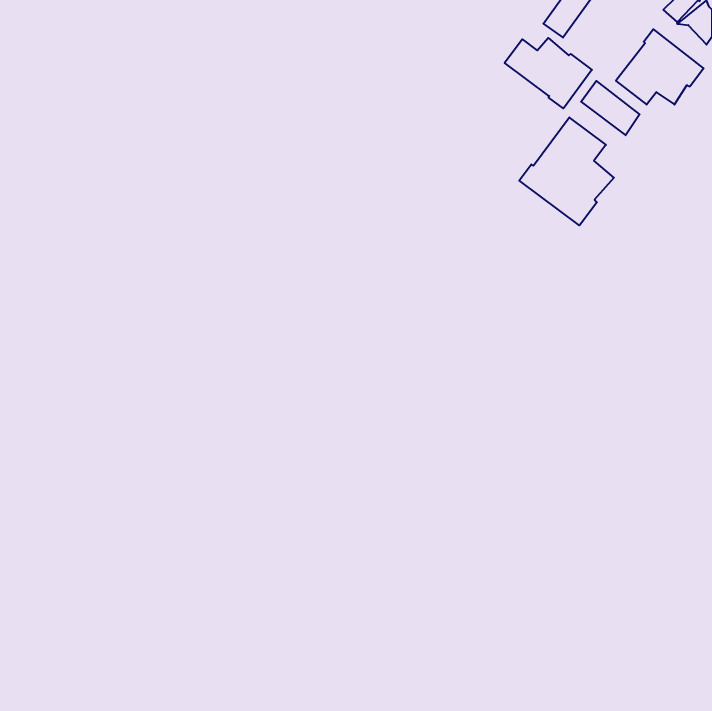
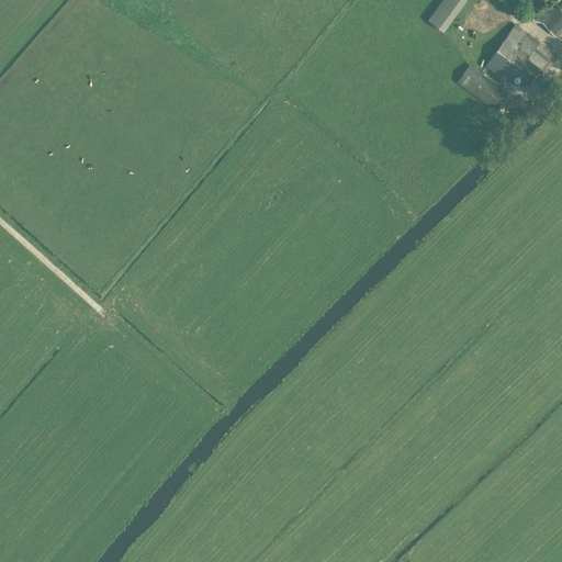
building: [505,38,592,108] -> none
building: [519,117,614,225] -> none

